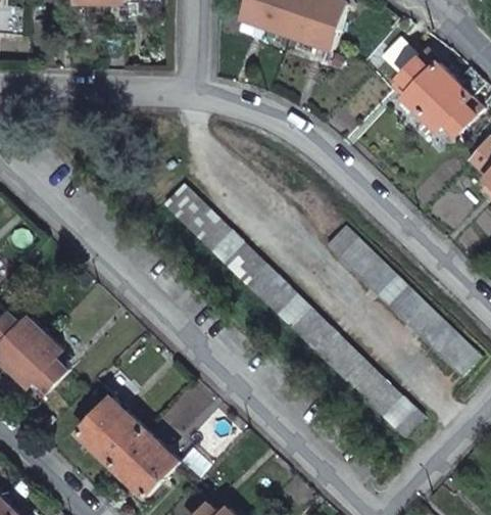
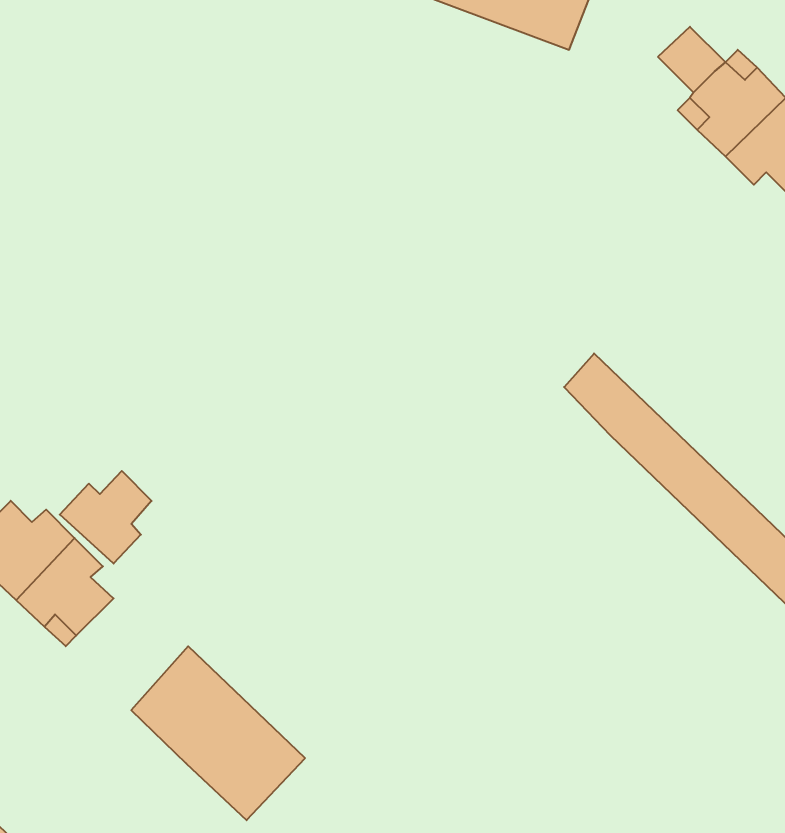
building: [163,185,420,435] -> none
building: none -> [60,471,152,564]

